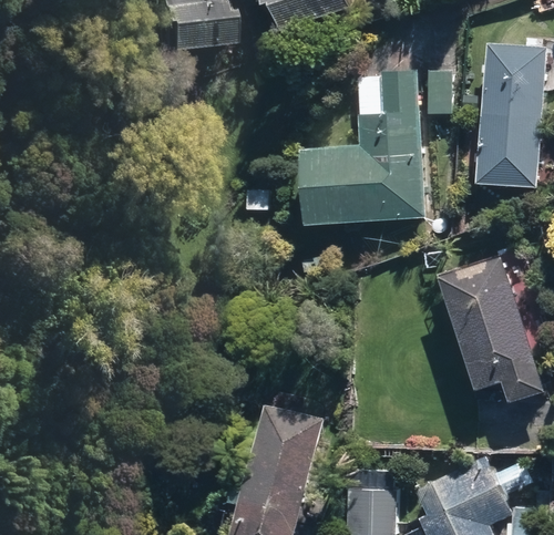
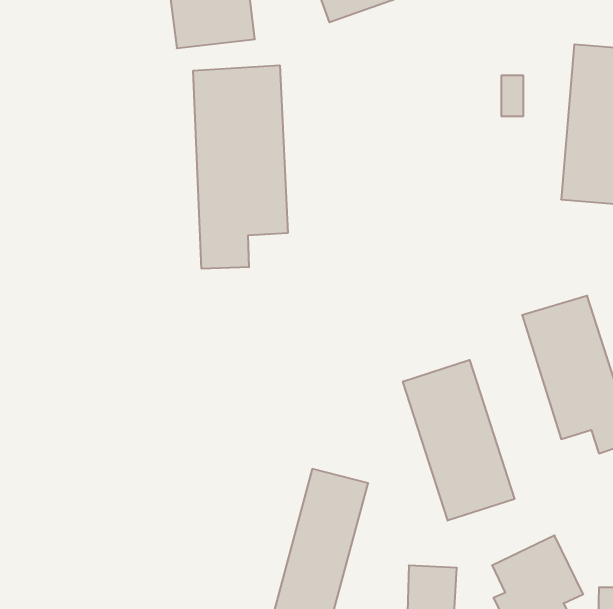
building: none -> [193,65,288,269]
building: [310,73,418,219] -> none
building: none -> [403,360,514,521]

